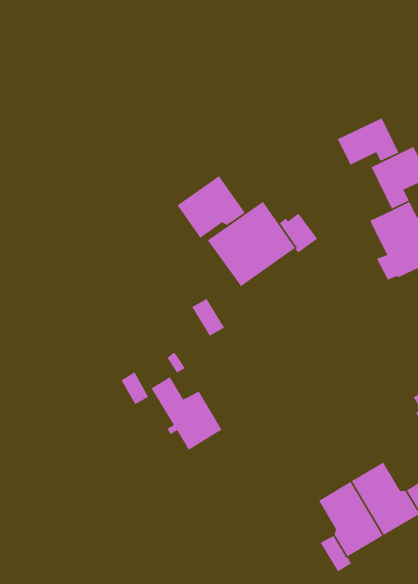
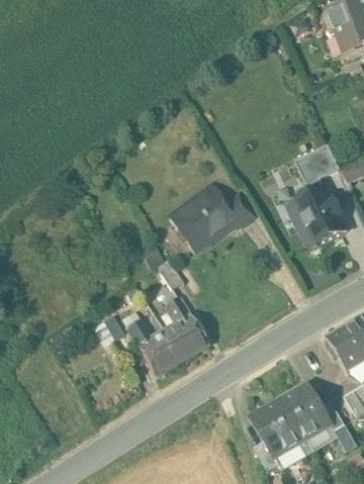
building: [337,117,399,166] -> none
building: [176,175,245,239] -> none
building: none -> [162,297,207,361]

